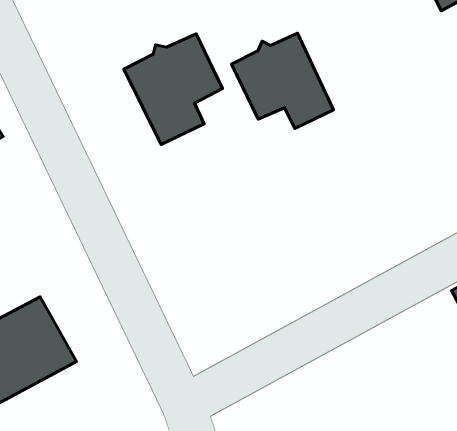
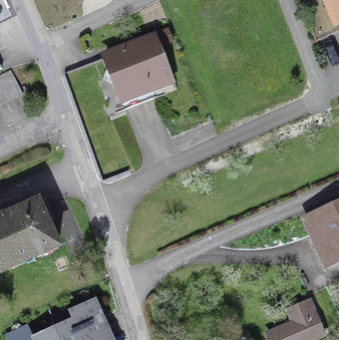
building: [232,33,334,128] -> none

